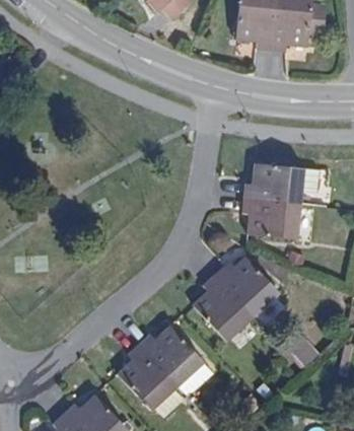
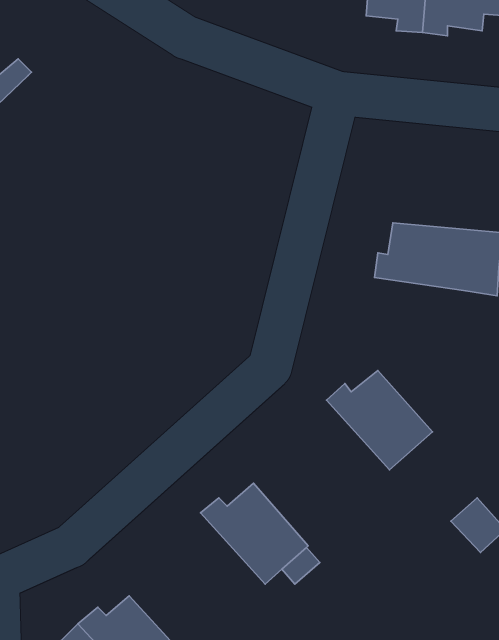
building: [241,199,298,241] -> none
building: [193,274,252,341] -> none
building: [116,343,175,411] -> none

